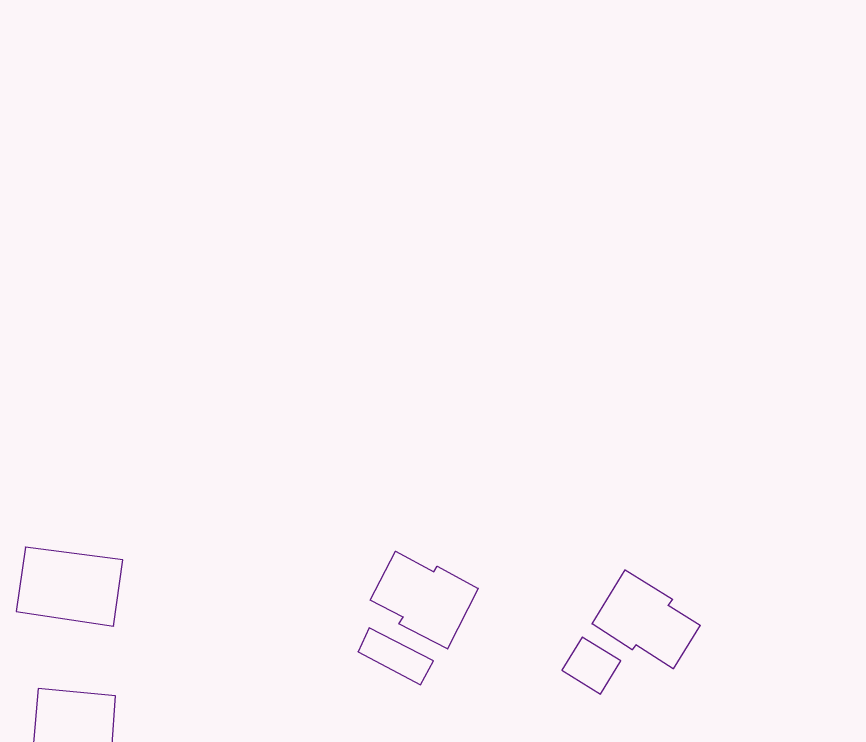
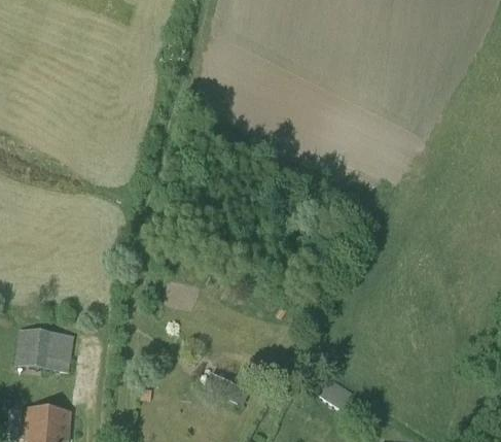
building: [370,551,478,649] -> none
building: [592,570,700,669] -> none

